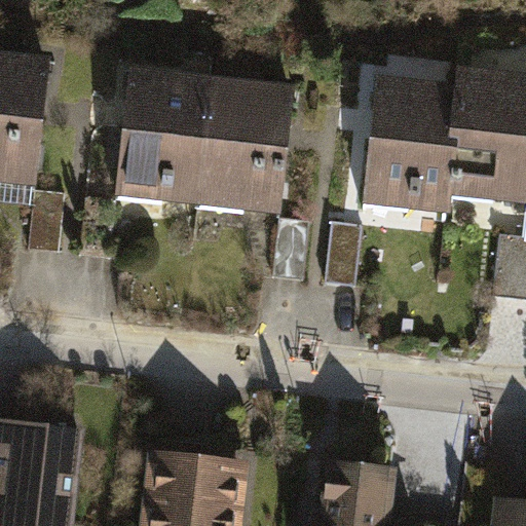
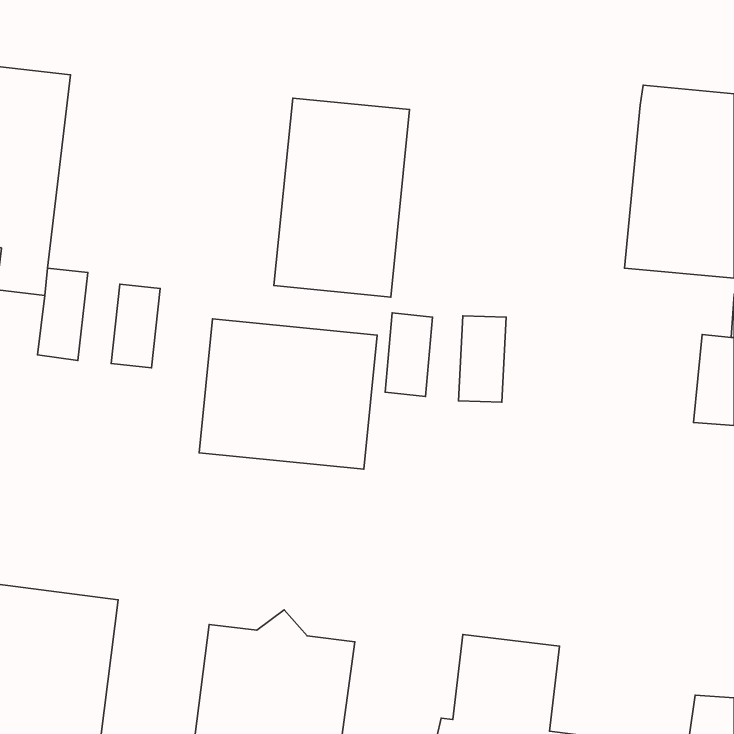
building: [115,64,209,205] -> none
building: [365,70,456,215] -> none
building: none -> [199,319,377,469]

